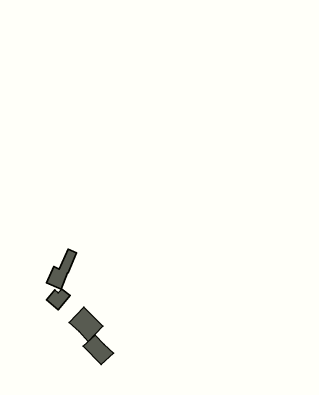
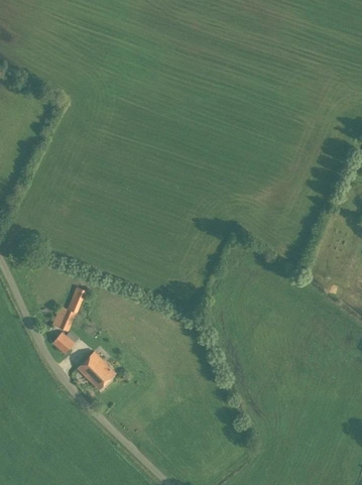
building: [83,335,113,364] -> none

